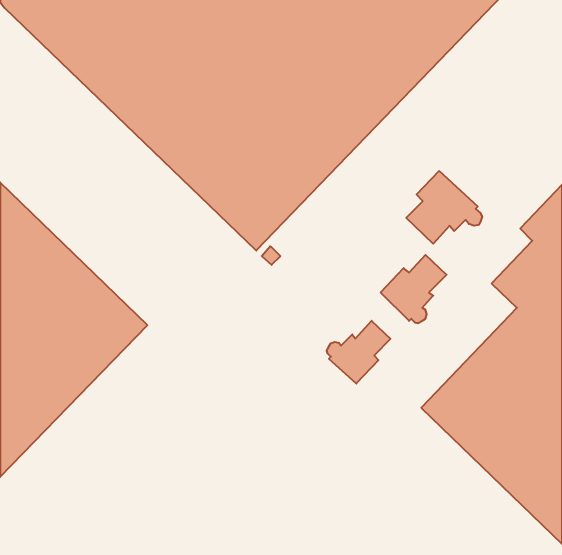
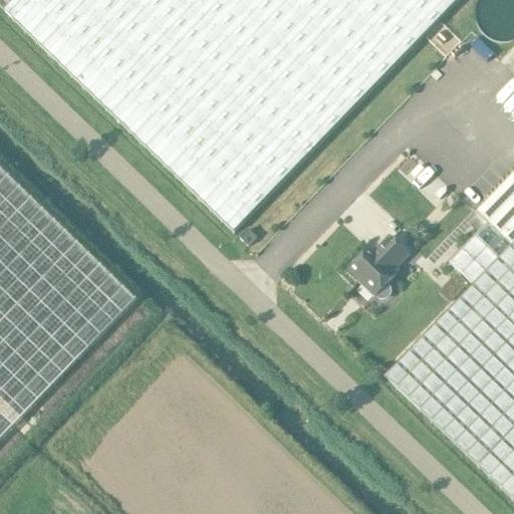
building: [406,171,482,244] -> none
building: [327,321,390,384] -> none

